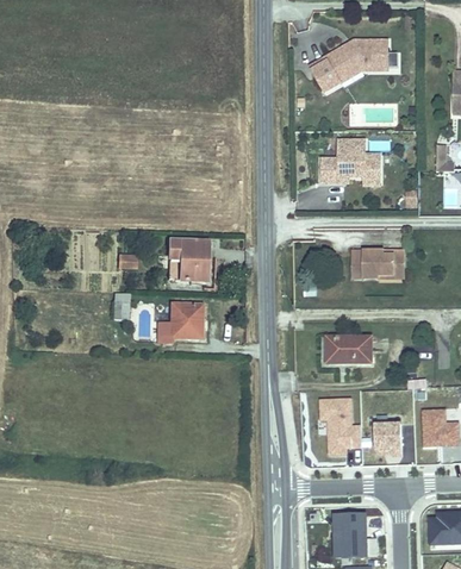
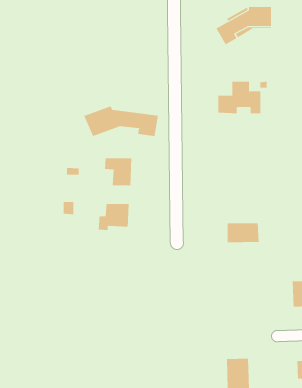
building: none -> [84,105,158,137]
building: [351,250,401,276] -> none
building: [319,398,360,454] -> none
building: [373,423,401,455] -> none

